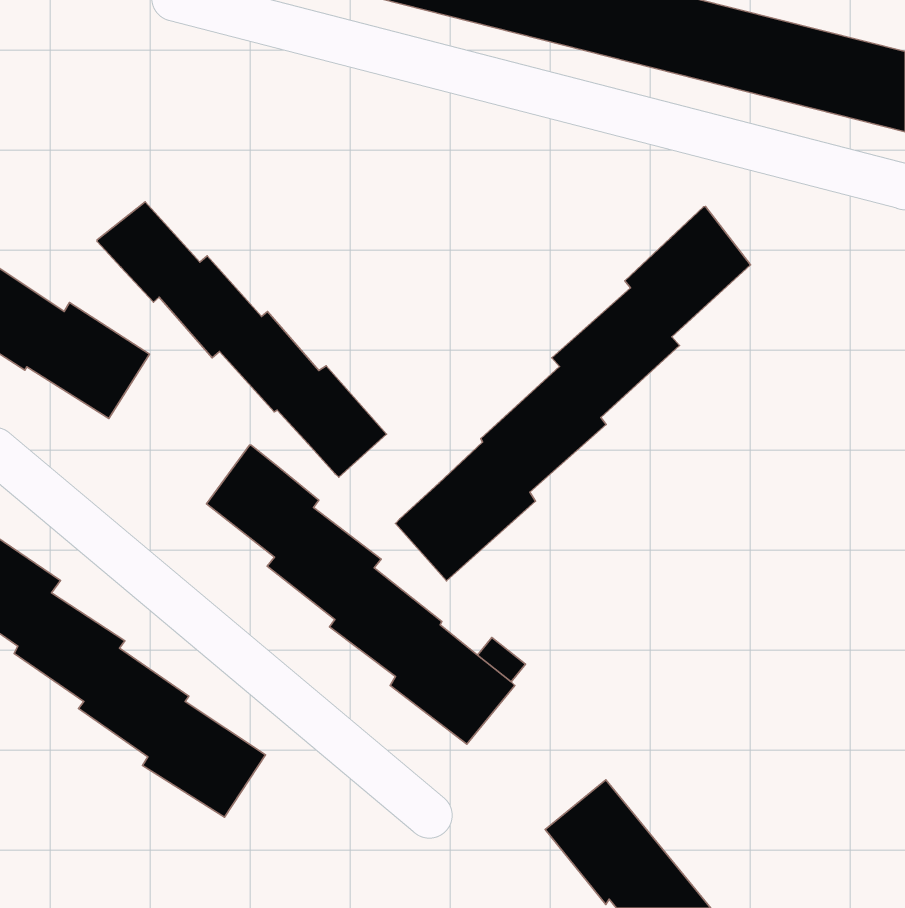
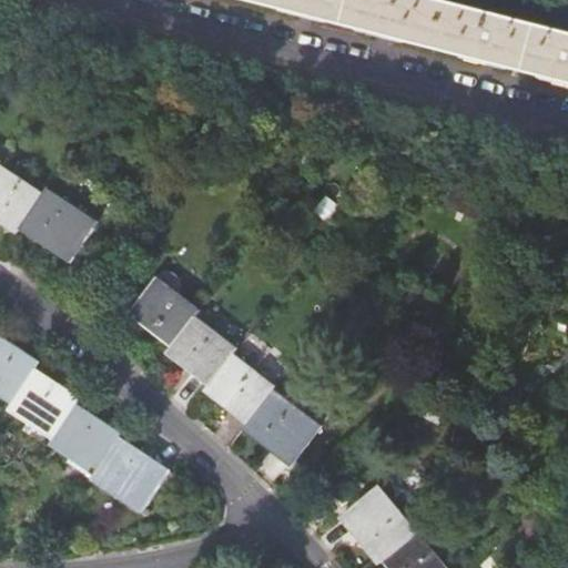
building: [97,202,386,477] -> none
building: [396,207,751,581] -> none

